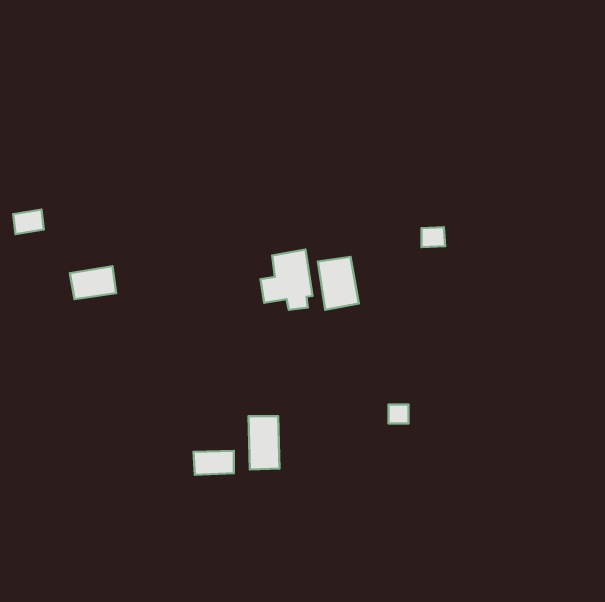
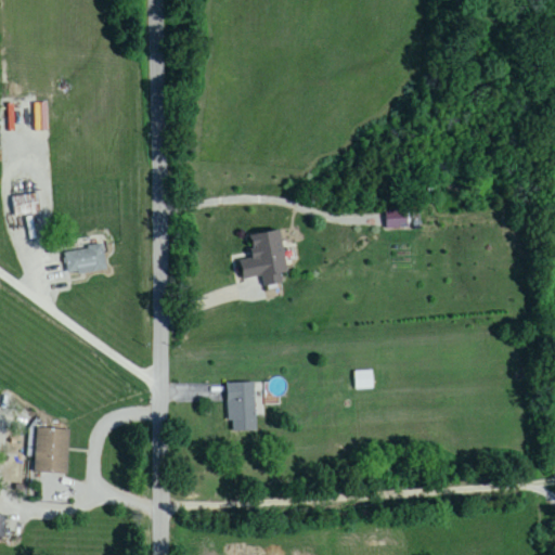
building: [318,257,359,310] -> none
building: [194,451,234,475] -> none
building: none -> [35,427,69,473]

